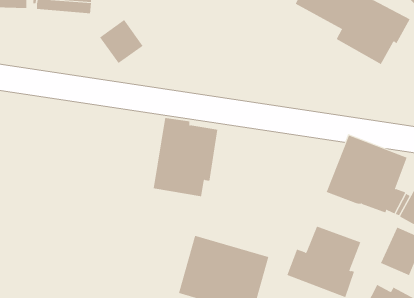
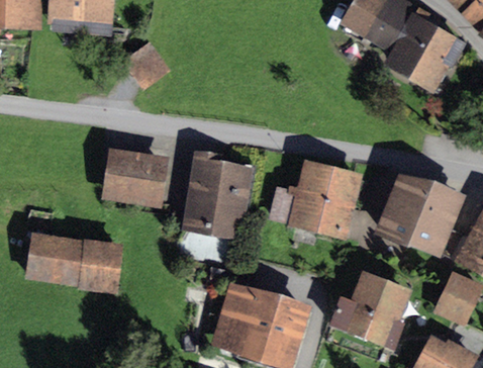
building: none -> [100,148,170,208]
building: none -> [268,160,363,240]
building: none -> [24,229,125,295]

